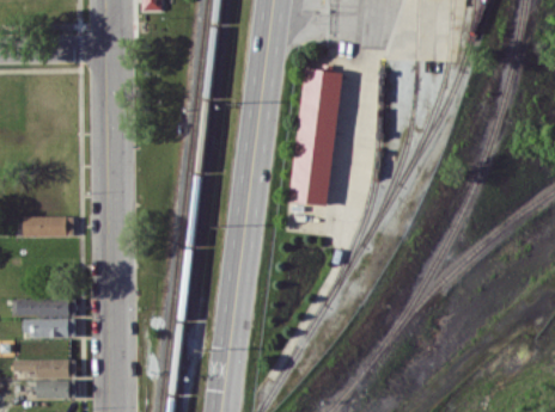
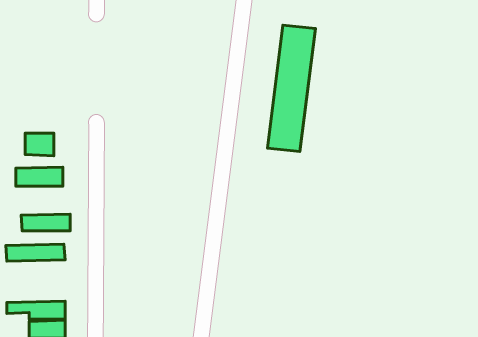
building: none -> [25,133,54,156]
building: [22,318,74,336] -> [21,214,70,231]

